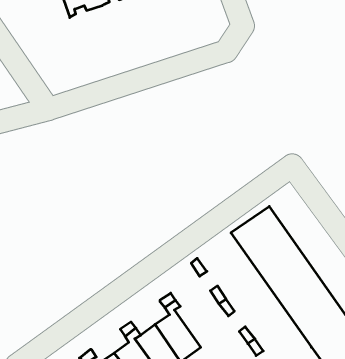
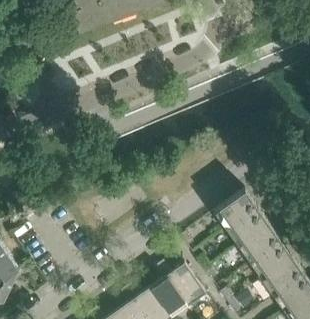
building: none -> [166,263,206,306]

